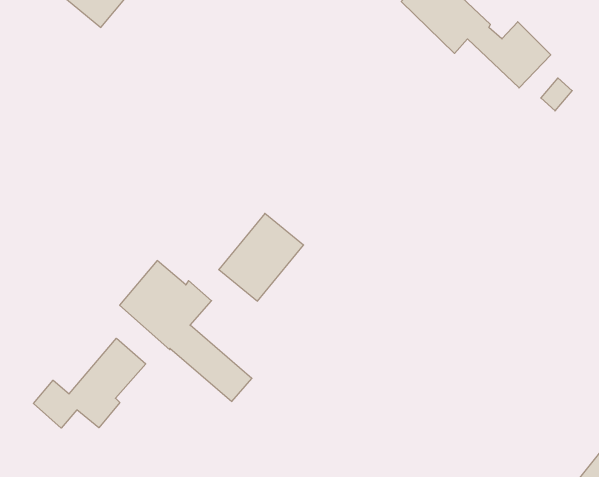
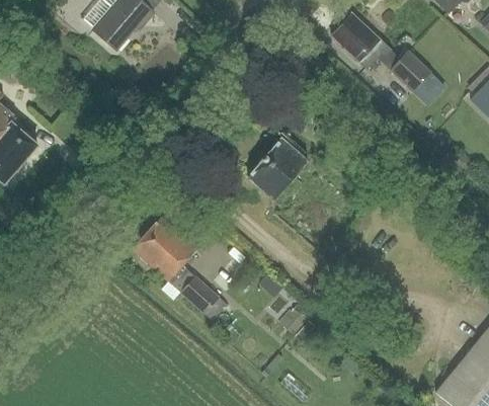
building: [219,213,304,301] -> [248,139,308,200]
building: [33,338,146,428] -> none

